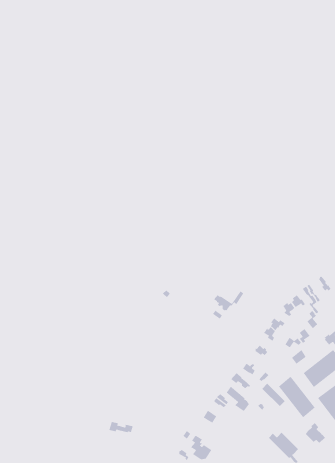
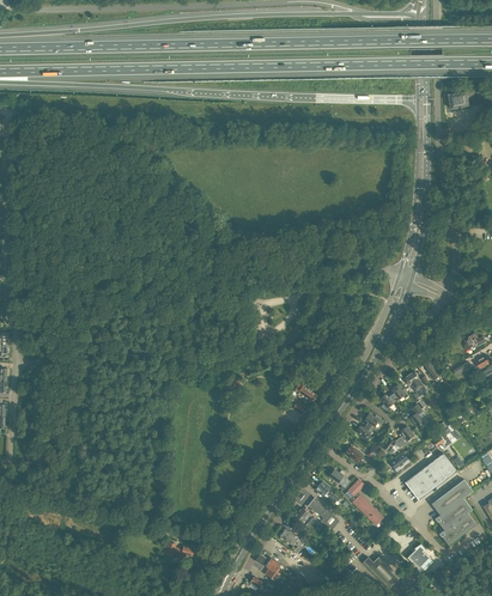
building: [278,376,316,418] -> none

